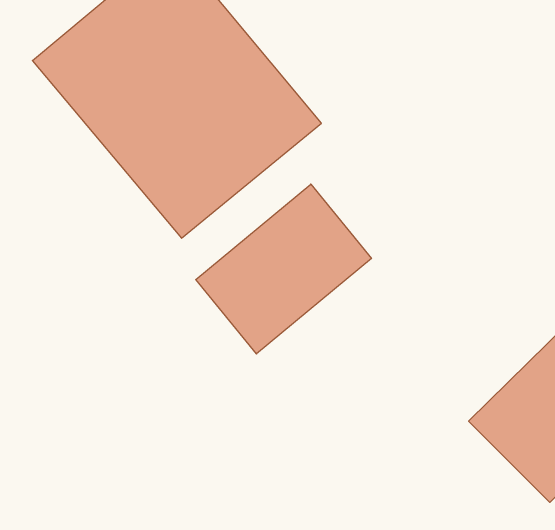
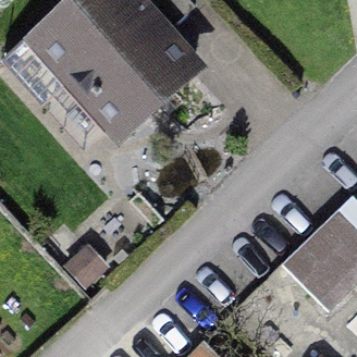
building: [196,184,371,354] -> none

